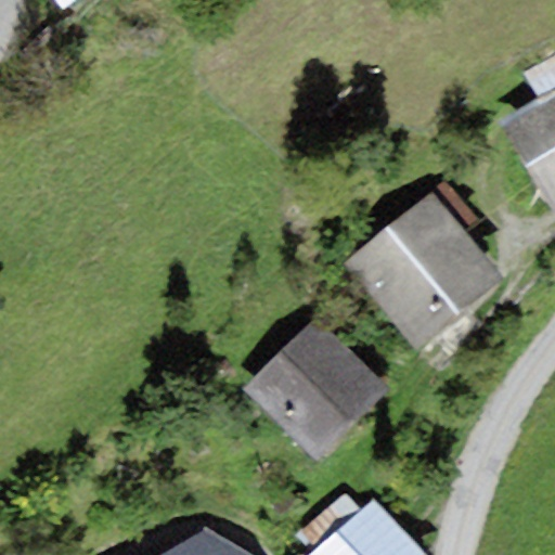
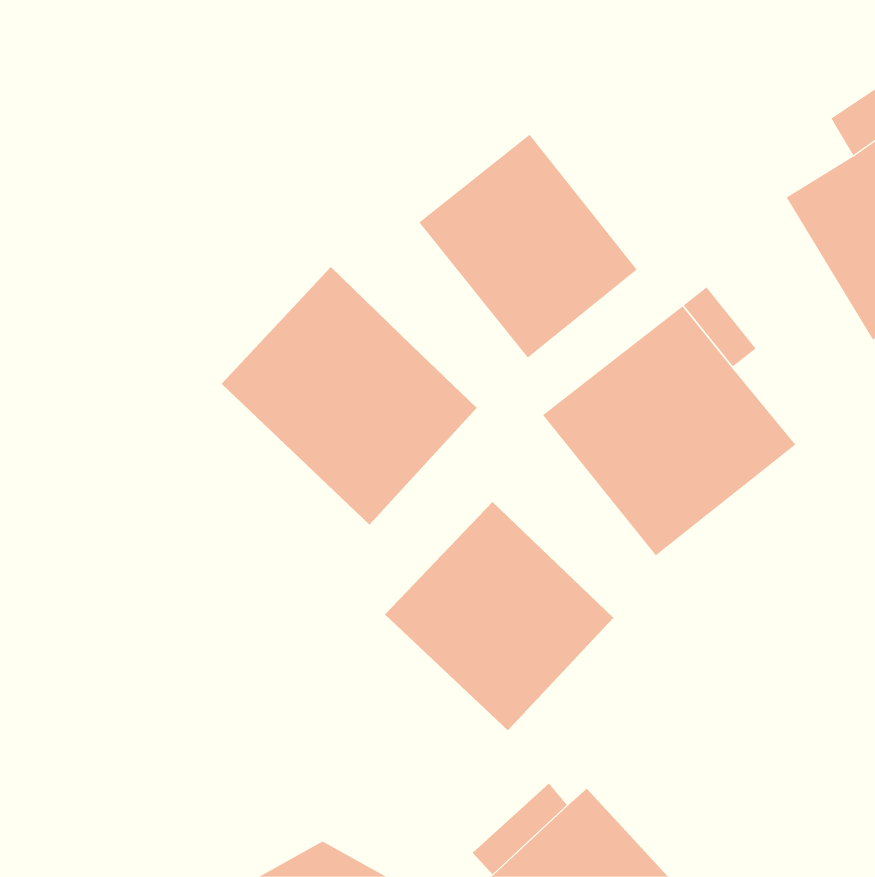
building: none -> [418,134,638,358]
building: none -> [221,266,478,526]

